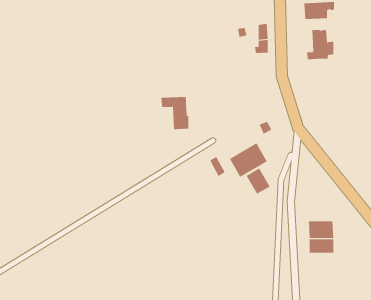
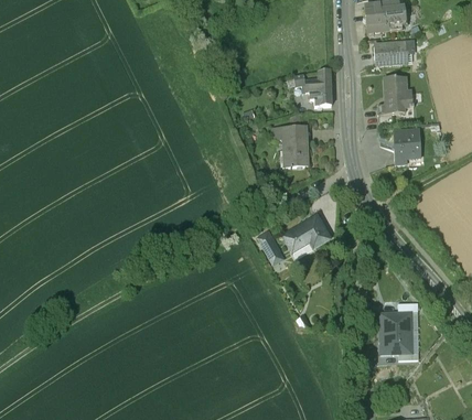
building: none -> [395,130,420,164]
building: [161,97,189,130] -> [272,126,308,166]
building: [246,168,270,195] -> none

